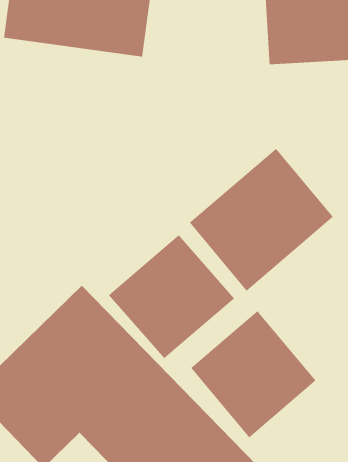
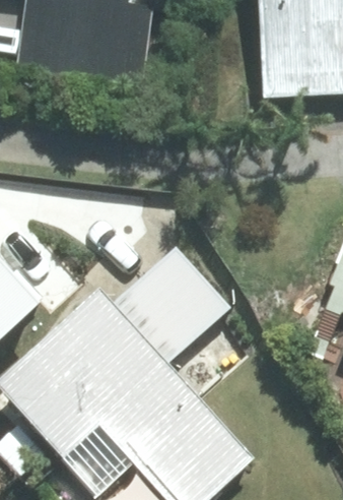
building: [189,148,334,292] -> none
building: [190,310,317,438] -> none

